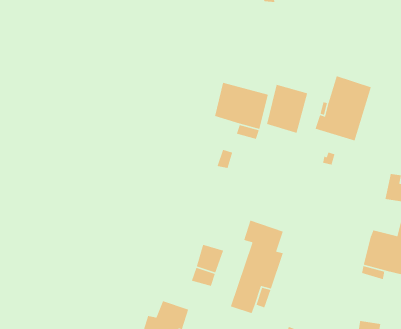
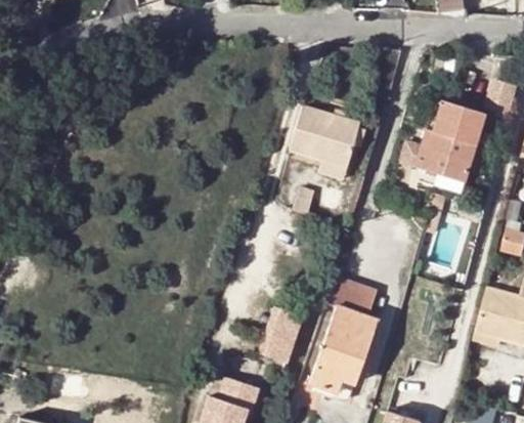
building: [266,84,308,134] -> none

